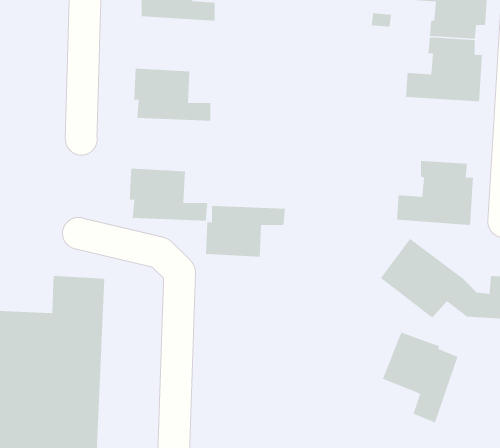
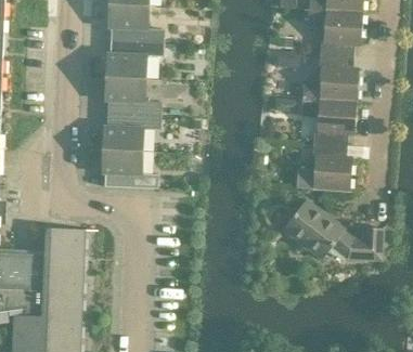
building: none -> [105,39,164,78]
building: none -> [300,97,356,145]
building: [205,205,286,257] -> [102,113,160,151]
building: [382,331,459,424] -> none

